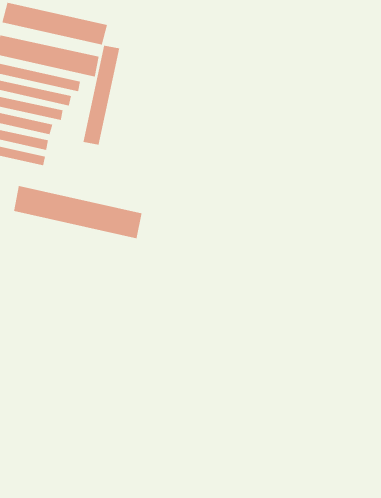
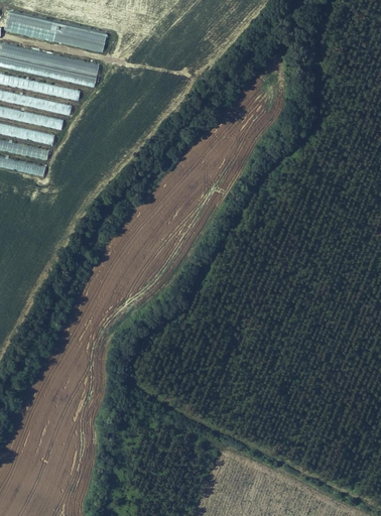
building: [83,45,120,145] -> none
building: [13,185,142,239] -> none

